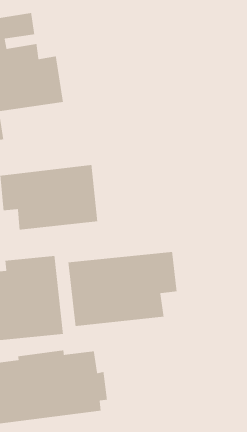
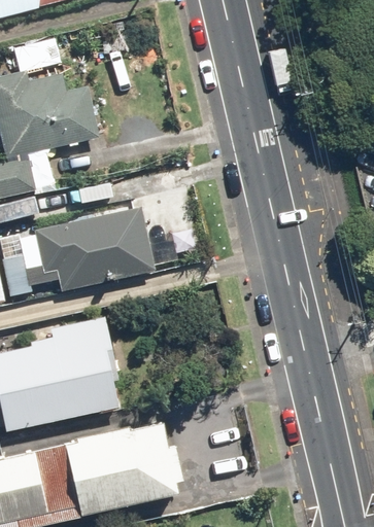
building: [67,251,178,327] -> none

